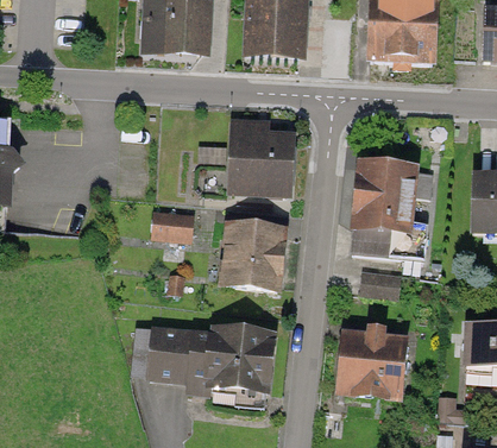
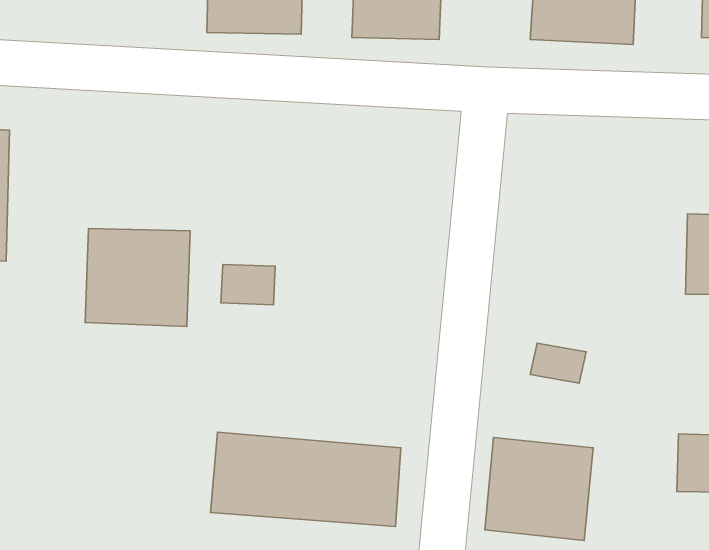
building: [229,134,290,185] -> none
building: [351,160,414,253] -> none
building: none -> [85,229,190,326]
building: [221,220,285,290] -> none

